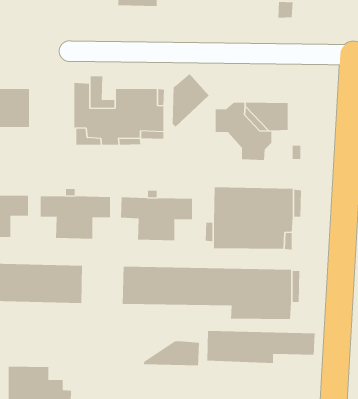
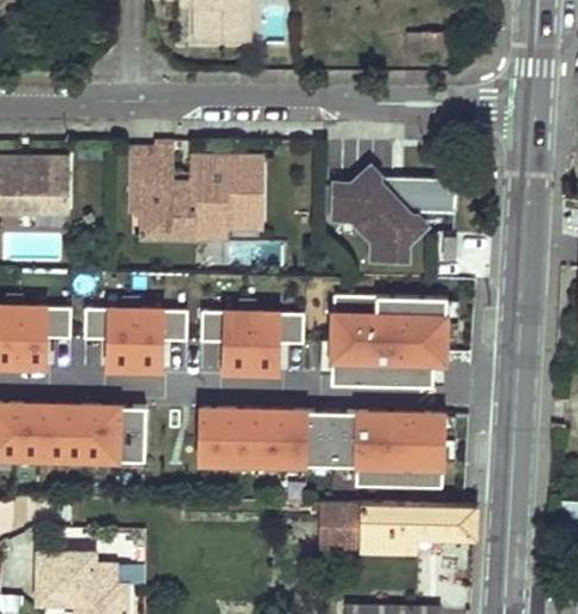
building: [172,73,210,128] -> none
building: [144,340,200,366] -> none

